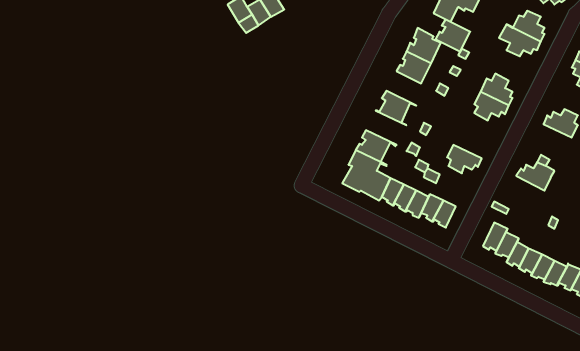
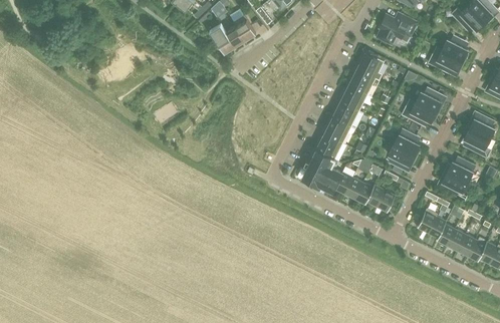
building: [436,20,470,52] -> [338,84,366,110]
building: none -> [321,116,354,144]
building: none -> [463,127,490,157]
building: none -> [393,129,419,155]
building: none -> [441,170,467,196]

